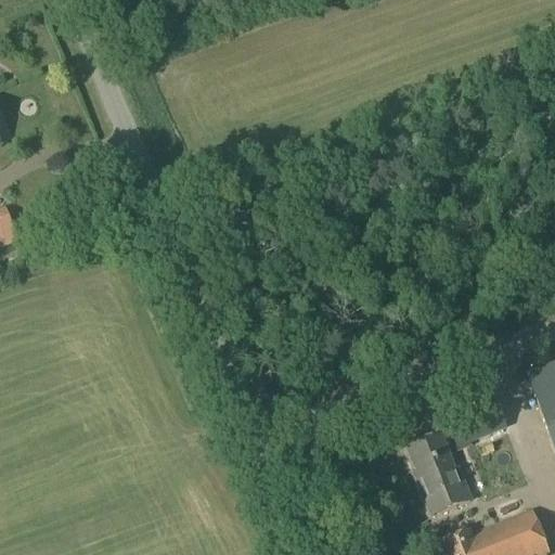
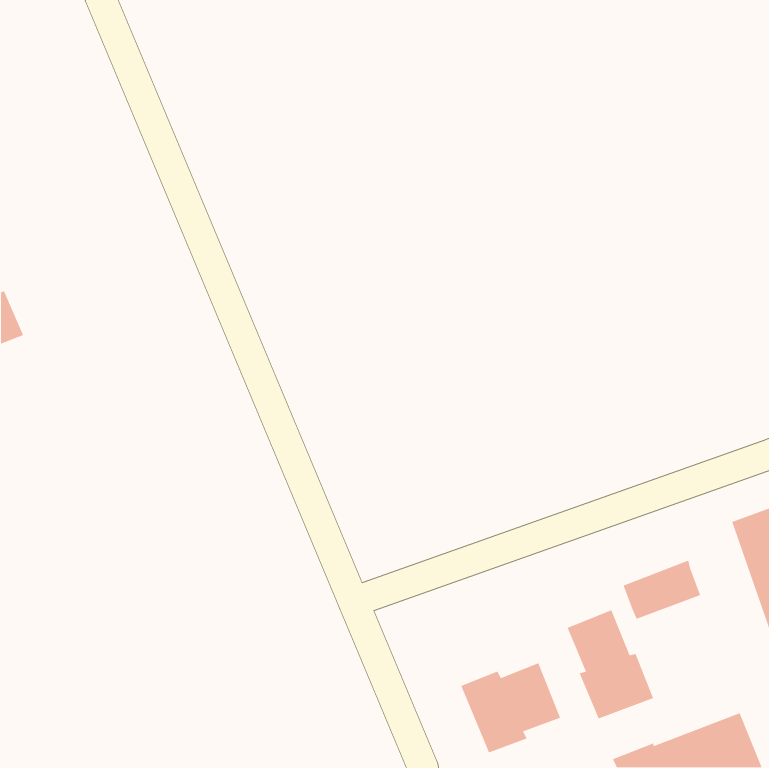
building: none -> [460,662,561,753]

